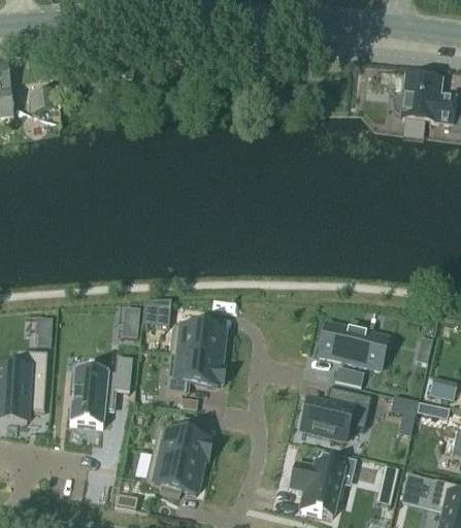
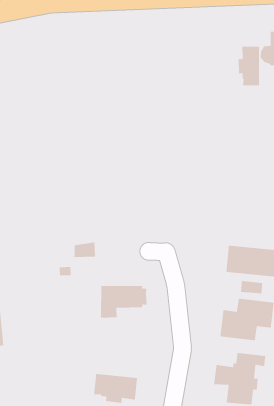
building: none -> [238,46,260,86]
building: [170,321,224,358] -> none
building: [69,356,132,426] -> none
building: [152,416,211,466] -> none

